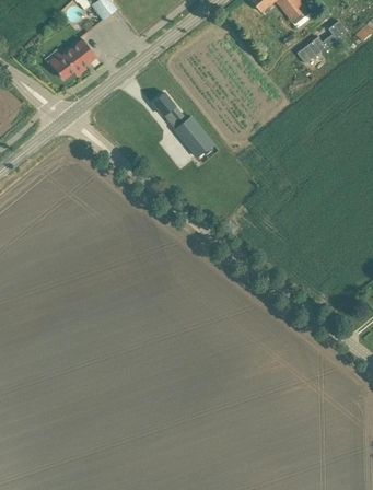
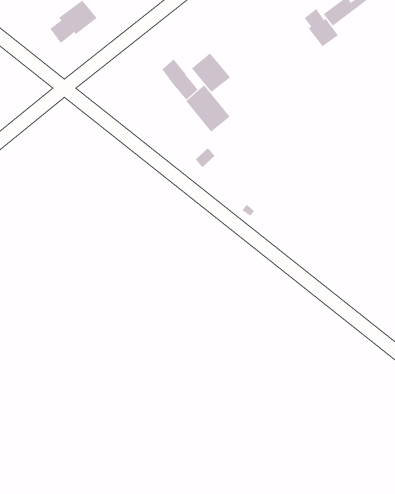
building: none -> [304,8,339,47]
building: none -> [191,53,231,93]

